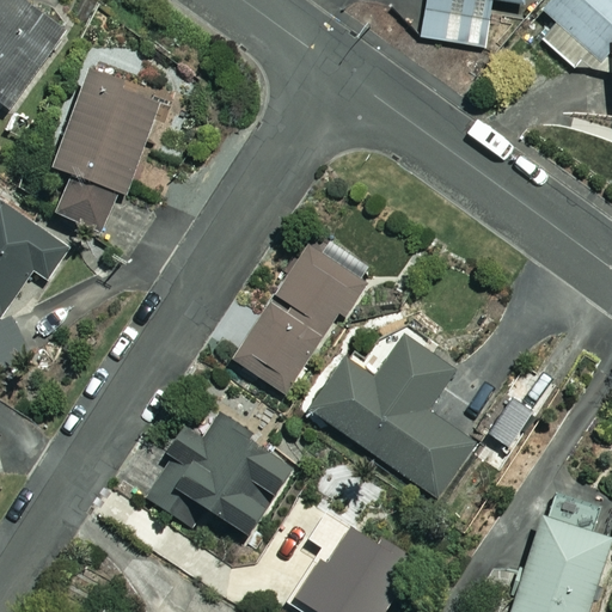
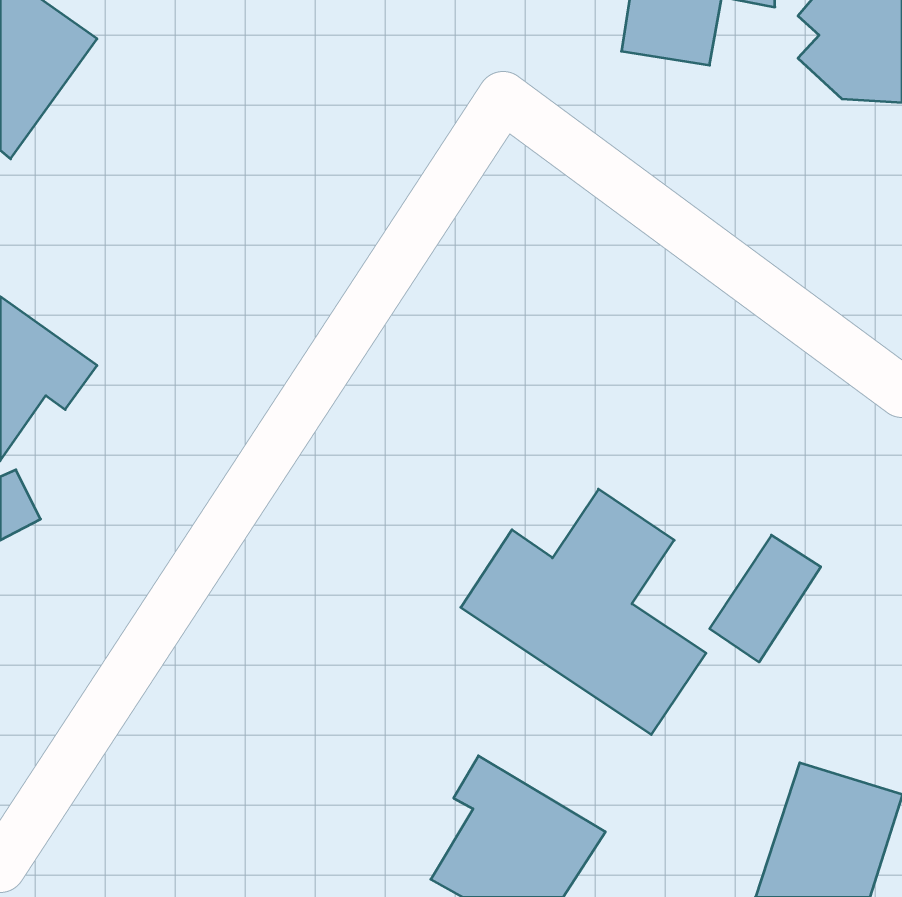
building: [53,69,159,230] -> none
building: [232,239,368,391] -> none
building: [145,412,295,537] -> none

